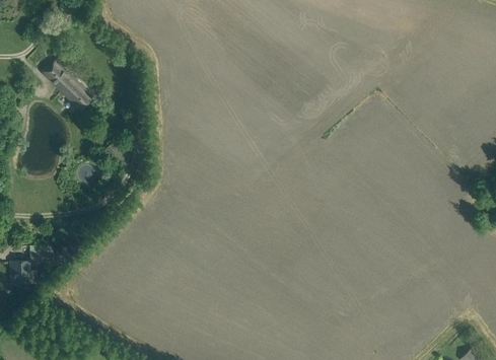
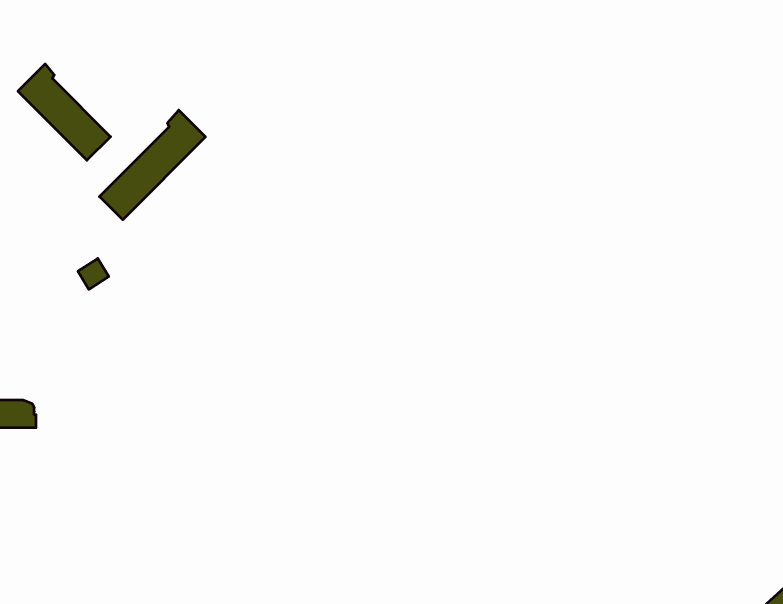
building: none -> [99,110,205,220]

